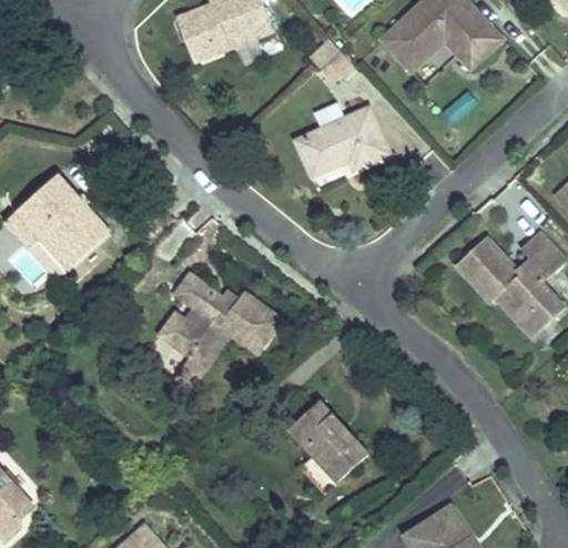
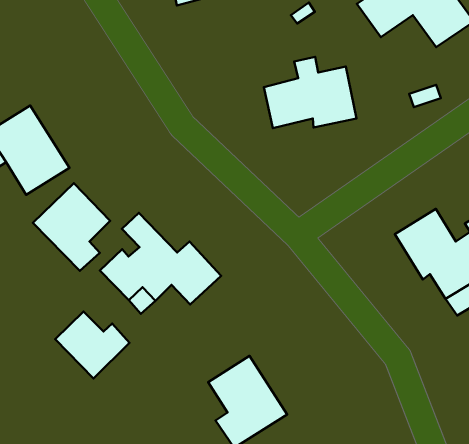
building: none -> [33,183,110,271]
building: none -> [55,311,129,378]

